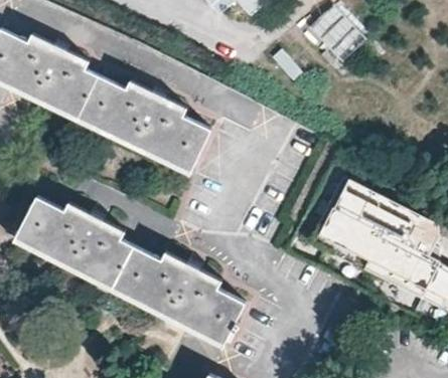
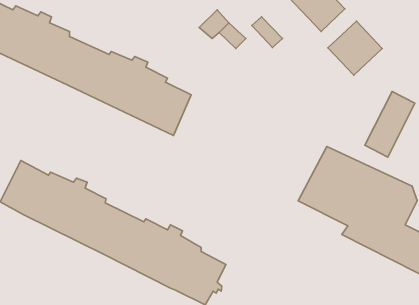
building: none -> [328,21,382,75]
building: none -> [365,91,415,157]

